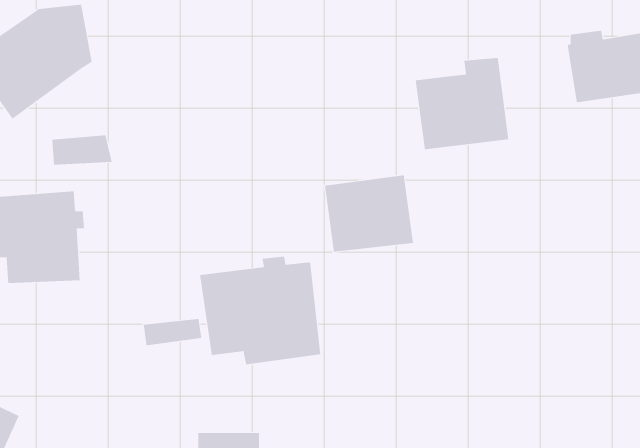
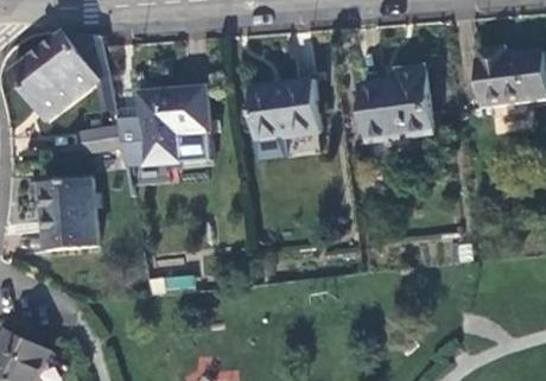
building: none -> [136,88,210,164]
building: [324,175,414,252] -> [247,81,317,141]
building: [200,256,321,365] -> none

